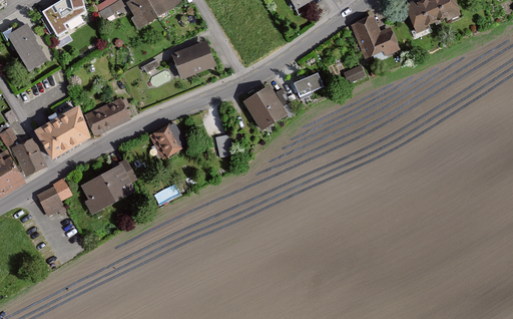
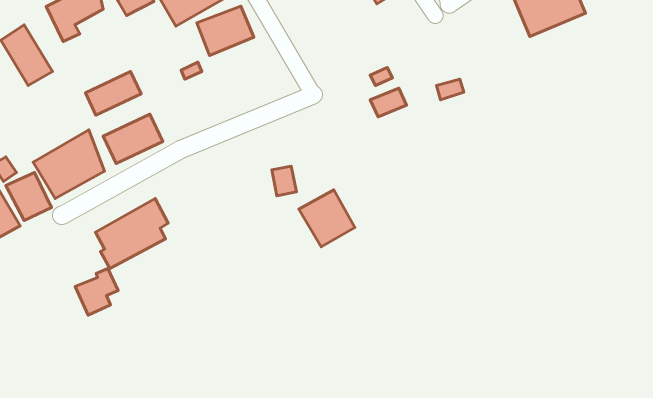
building: [351,17,398,59] -> none
building: [171,42,215,80] -> [197,6,254,55]
building: none -> [86,72,141,115]
building: [241,86,285,130] -> [299,190,355,247]
building: [149,121,184,161] -> none
building: [38,180,71,216] -> [75,268,118,315]

